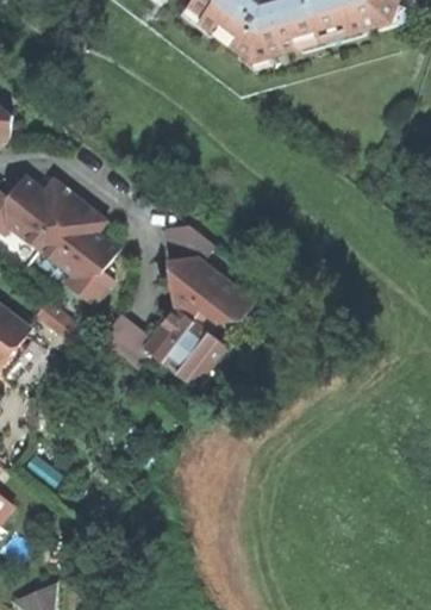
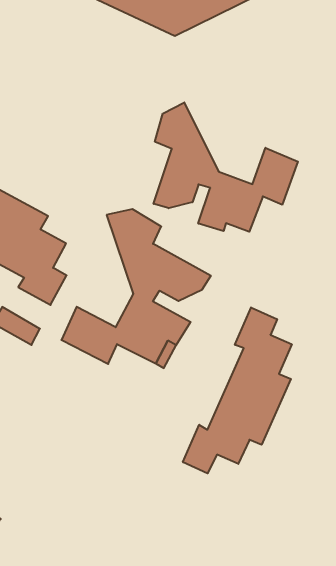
building: none -> [154,102,298,232]
building: none -> [183,307,292,473]

